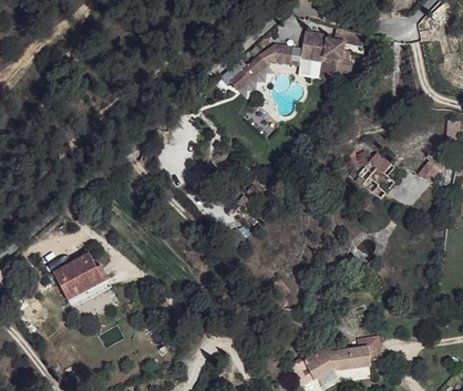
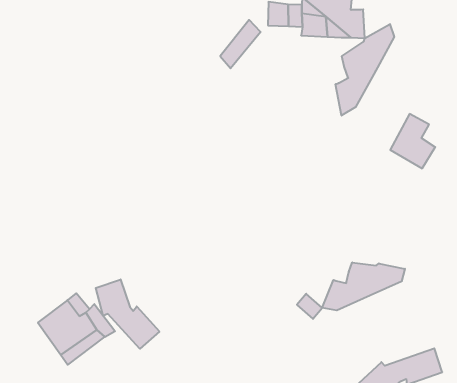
building: none -> [336,24,394,116]
building: none -> [96,279,159,349]
building: none -> [322,262,405,310]

